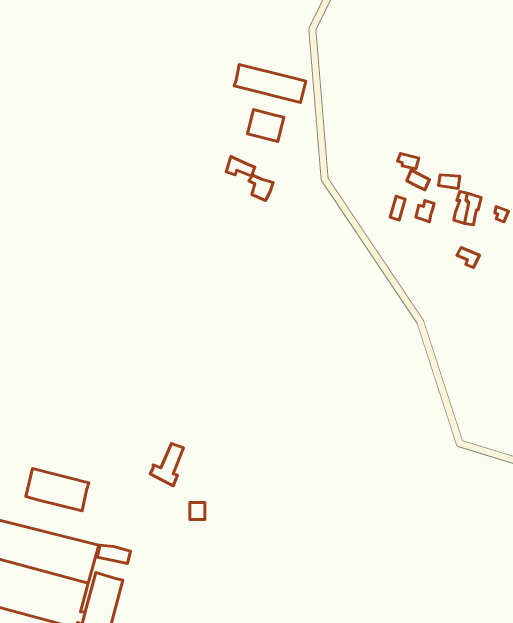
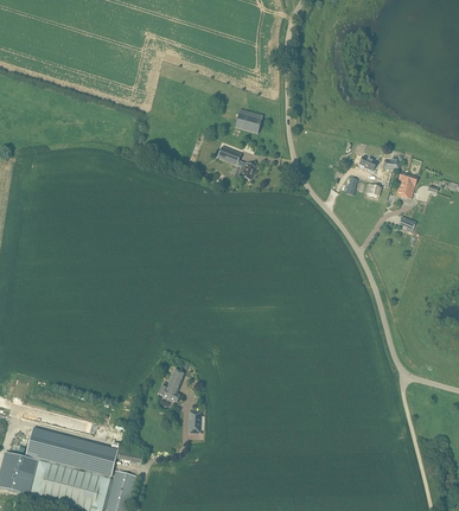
building: [234,64,306,103] -> none
building: [26,468,89,511] -> none

